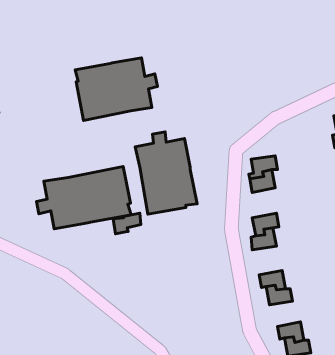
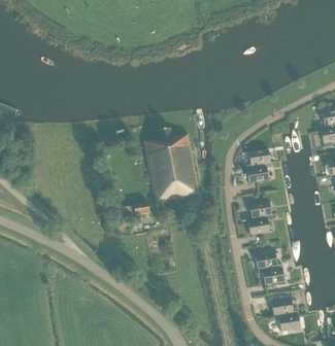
building: [75,58,157,120] -> none
building: [37,166,131,229] -> none

